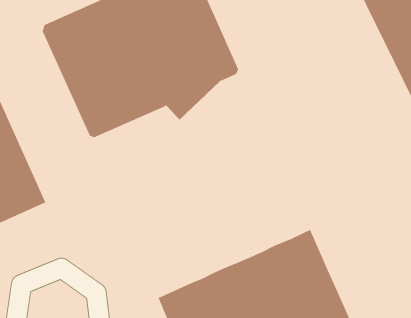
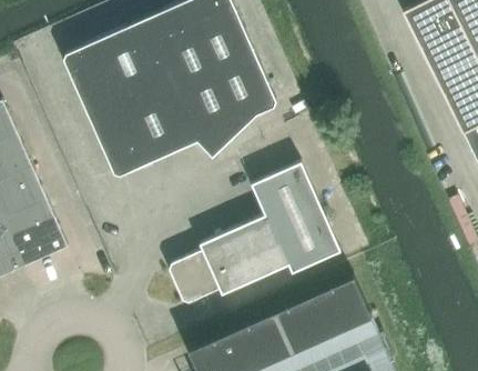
building: none -> [170,162,340,302]

